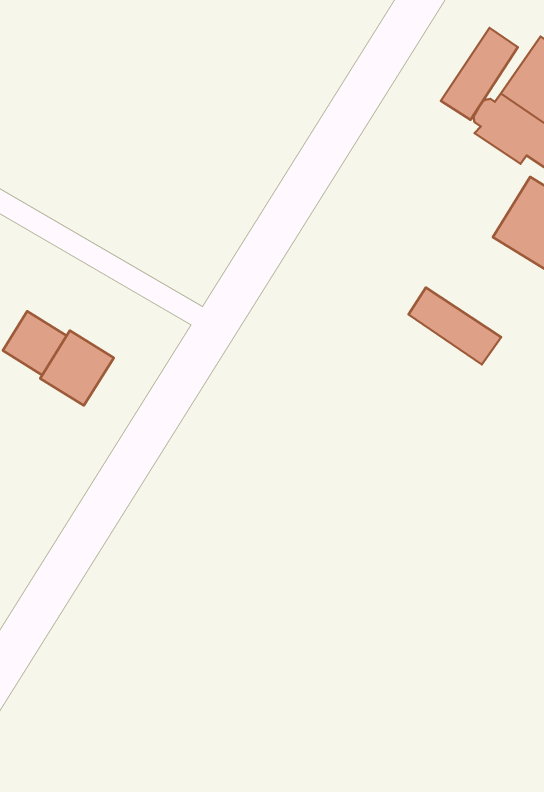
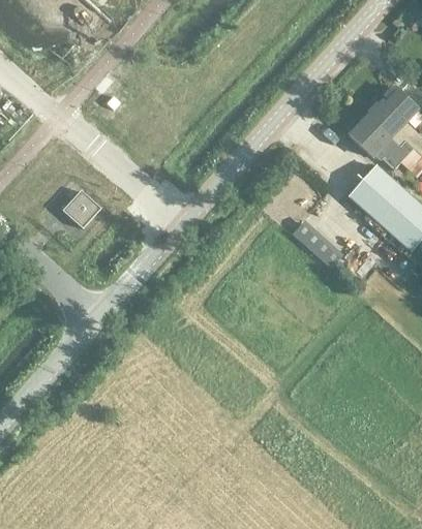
building: [441,28,518,120] -> none
building: [40,330,114,406] -> none

